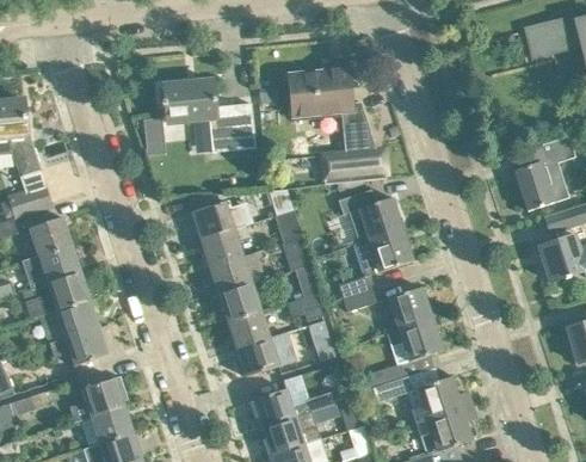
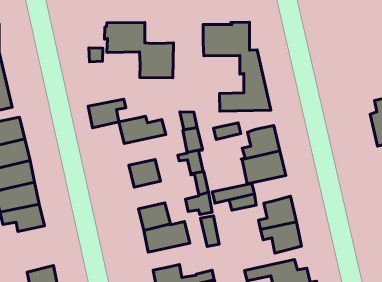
building: [201,226,249,266] -> [88,99,126,128]
building: [218,283,260,321] -> none
building: [69,376,125,421] -> none

